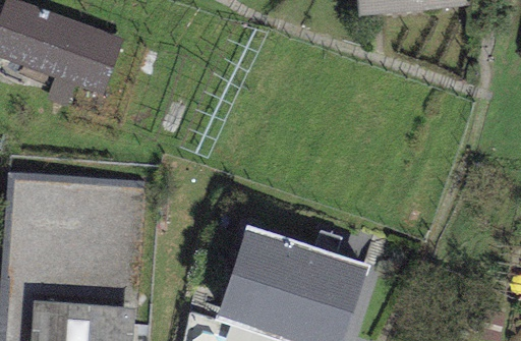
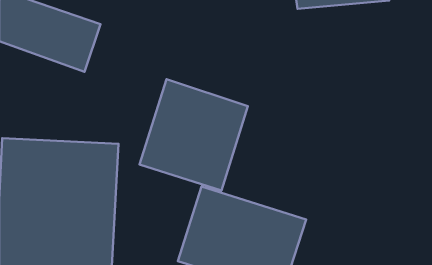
building: none -> [139,79,248,190]

